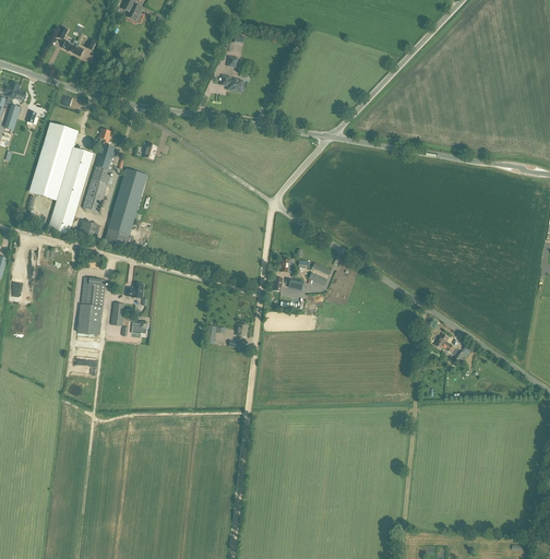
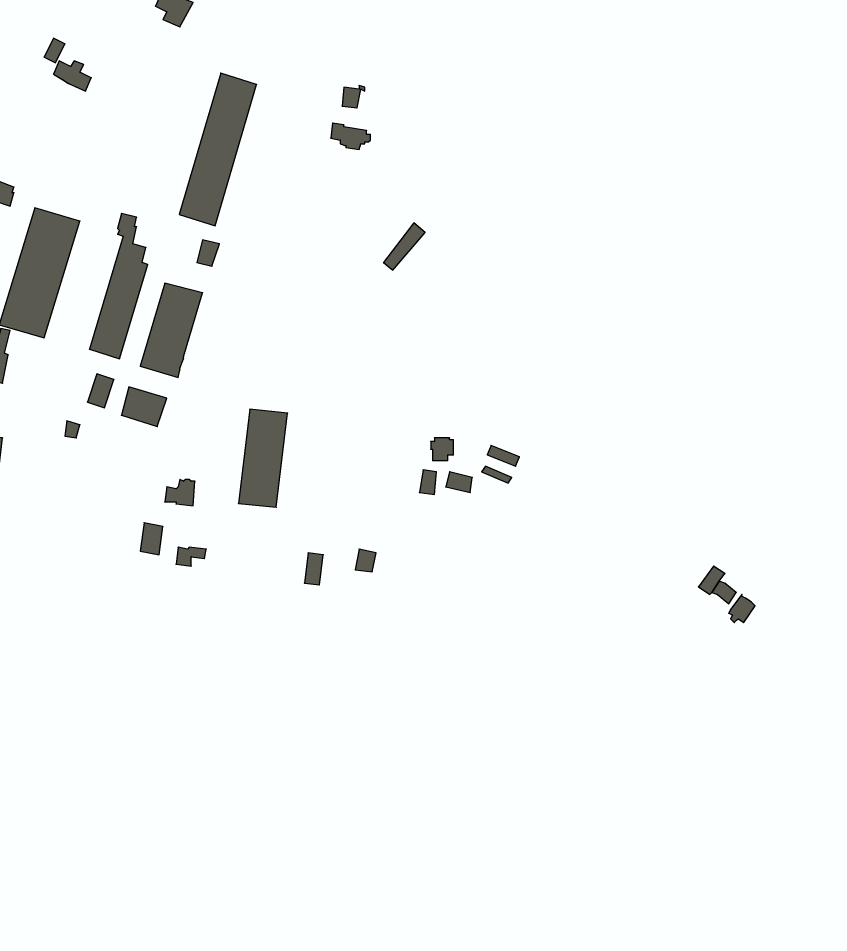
building: [48,145,93,234] -> [179,73,257,226]
building: [77,276,106,333] -> [238,409,288,507]

